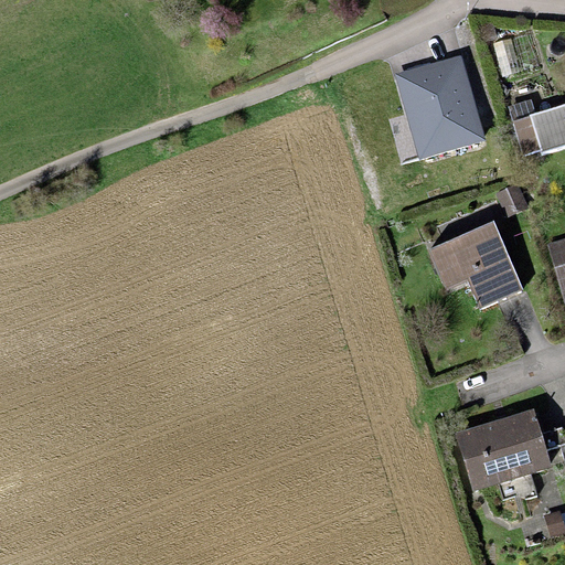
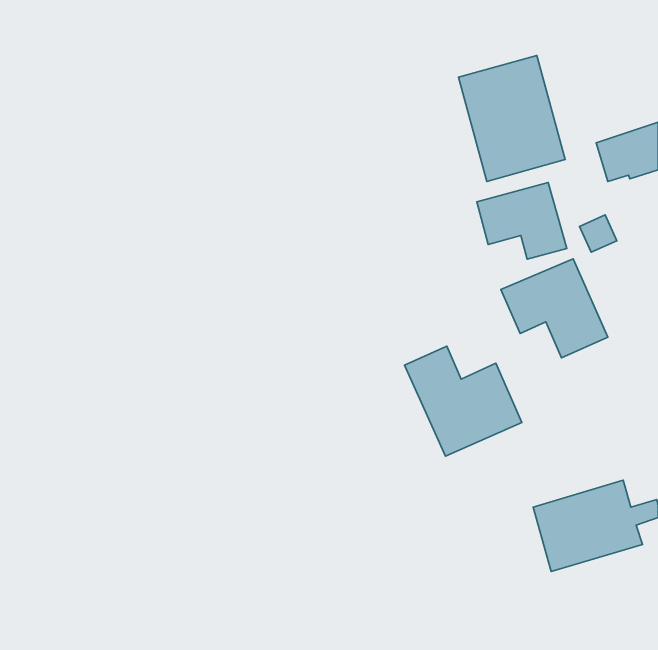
building: none -> [477,182,567,259]
building: none -> [404,346,522,456]

